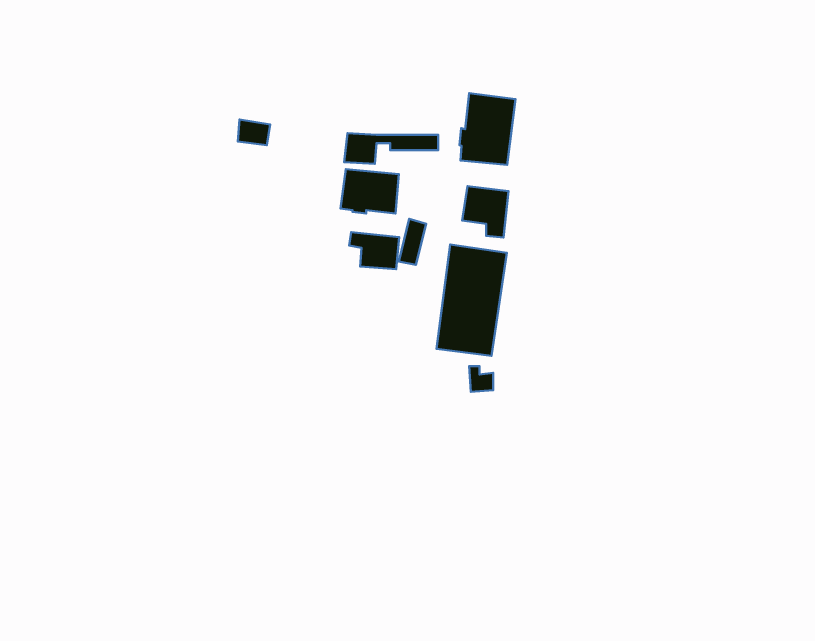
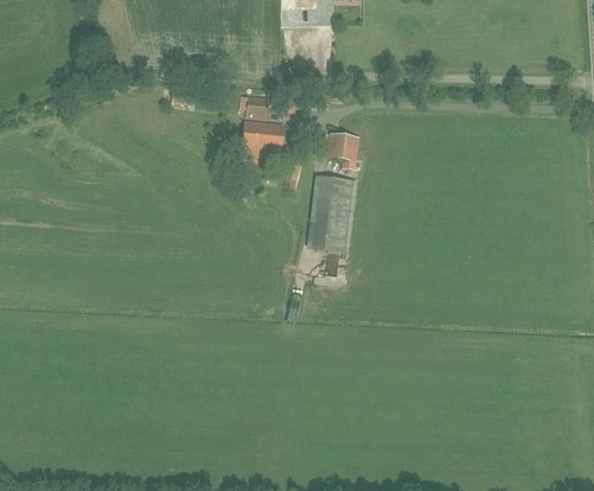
building: [460,93,515,165] -> none
building: [349,232,399,269] -> none

